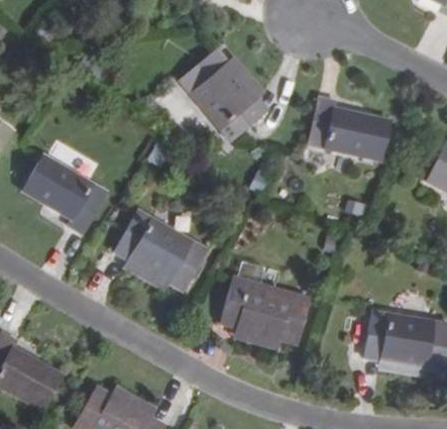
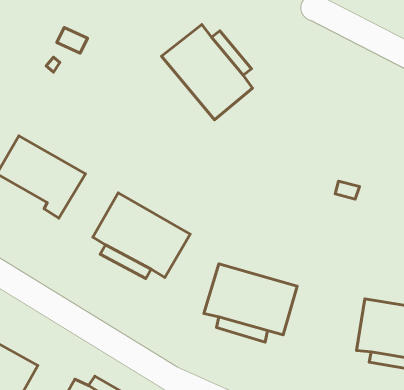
building: [309,96,389,160] -> none

